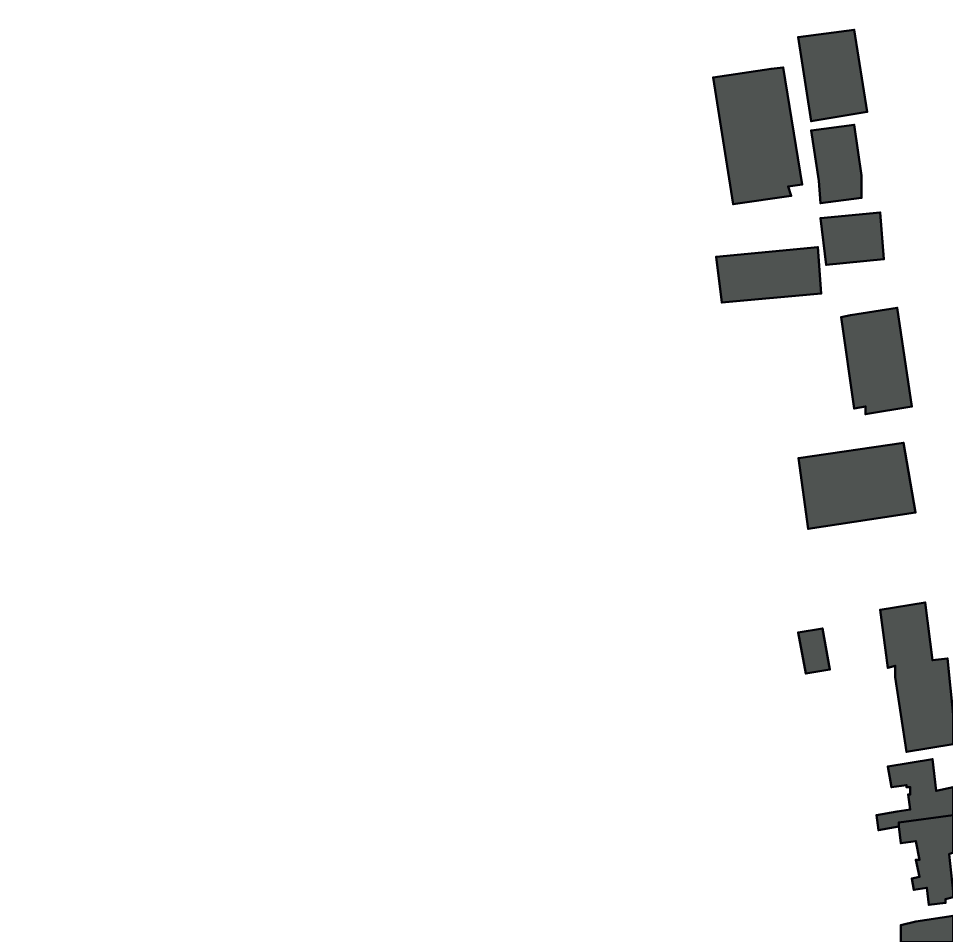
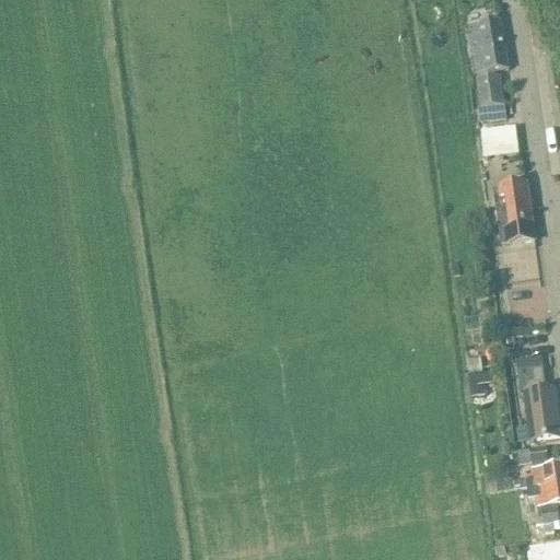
building: [713,68,802,204] -> none
building: [716,247,821,303] -> none
building: [798,443,915,529] -> none

